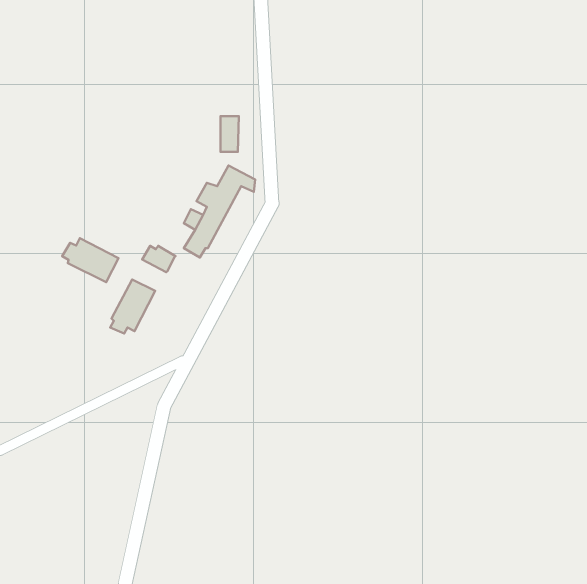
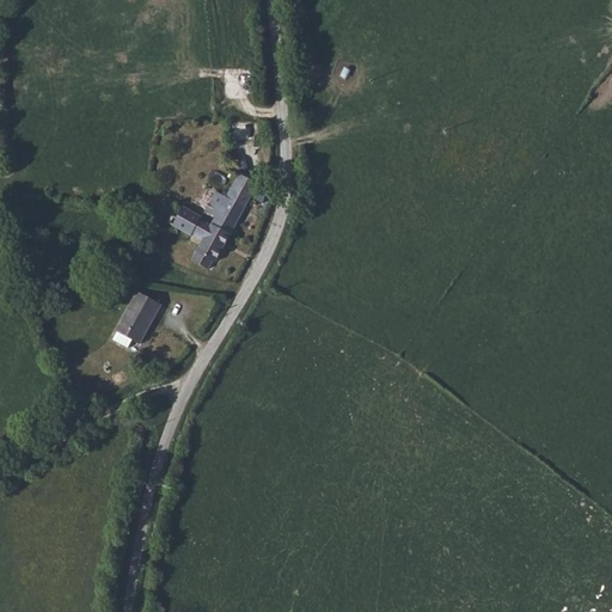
building: [62,238,119,282] -> none
building: [142,246,175,272] -> [165,206,200,233]

